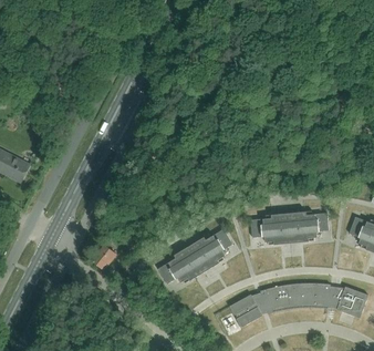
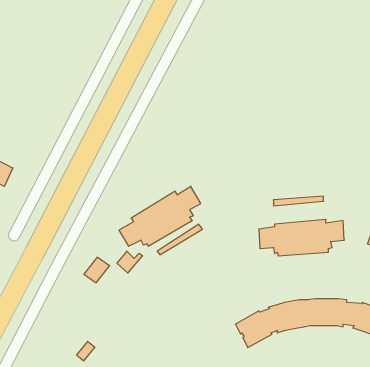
building: [157,229,231,283] -> [119,186,201,246]

